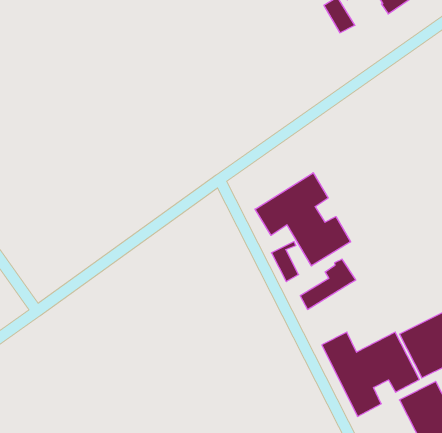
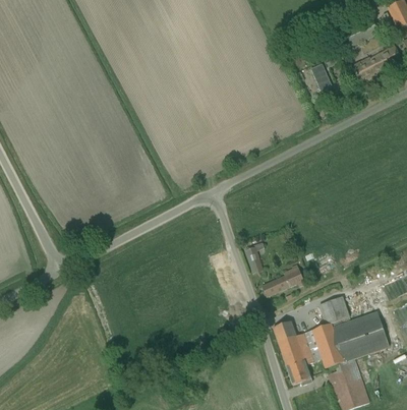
building: [255,173,351,266] -> none
building: none -> [317,295,348,323]

